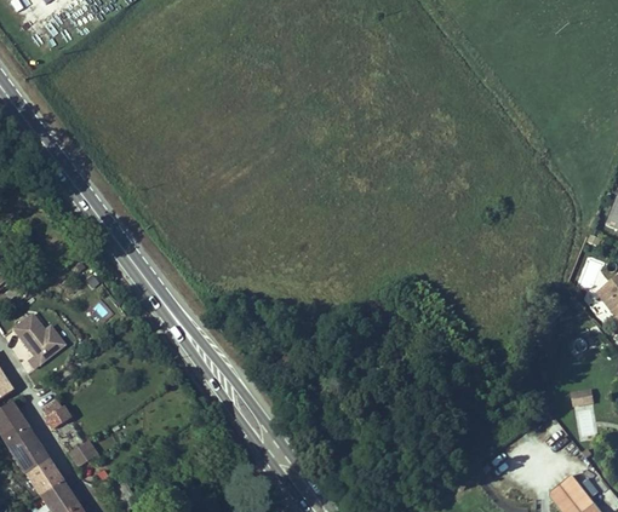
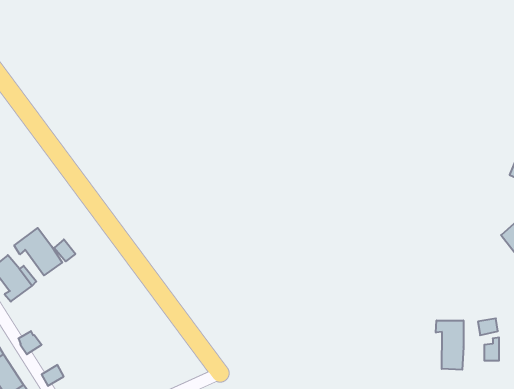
building: none -> [14,228,62,275]
building: none -> [436,320,463,370]

